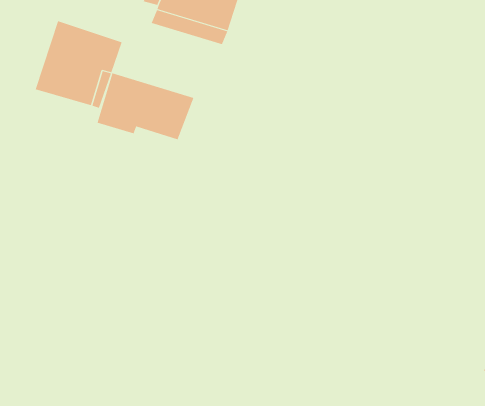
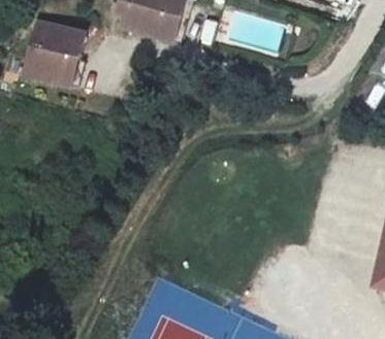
building: [97,73,194,140] -> none

